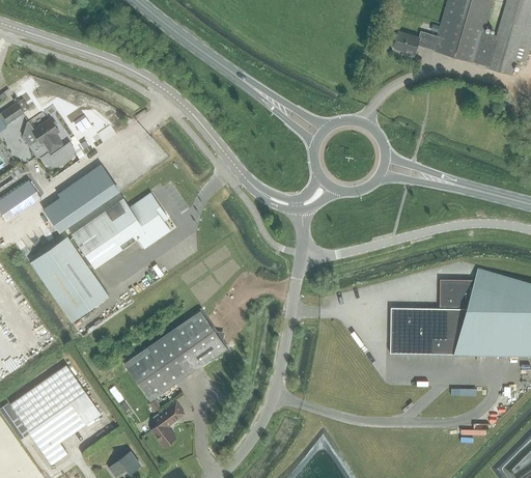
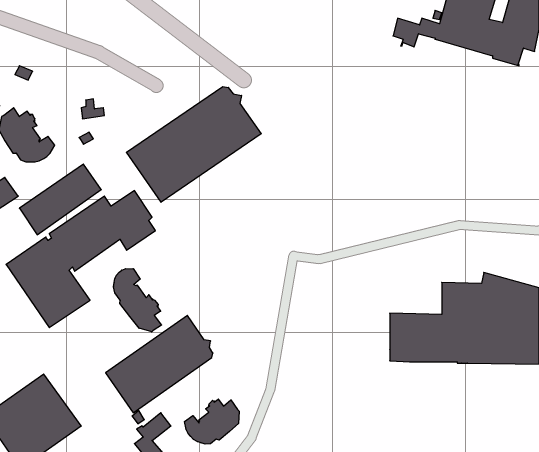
building: none -> [126,87,261,202]
building: none -> [114,269,162,332]
building: none -> [184,399,239,444]

